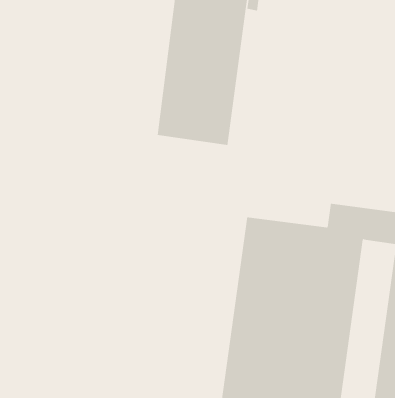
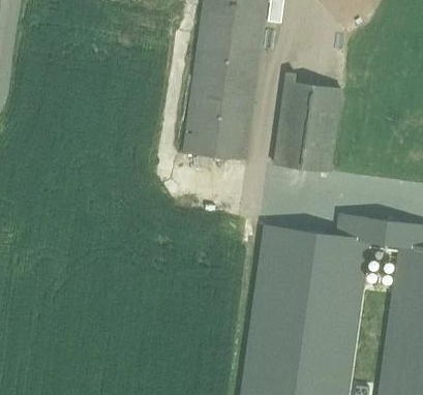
building: none -> [273,68,342,170]

